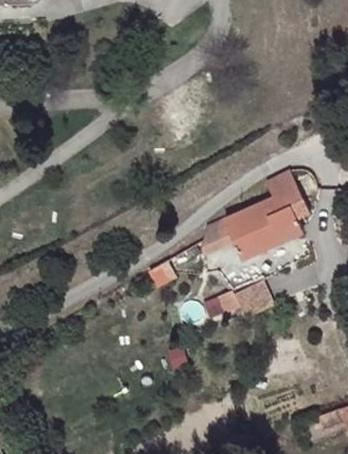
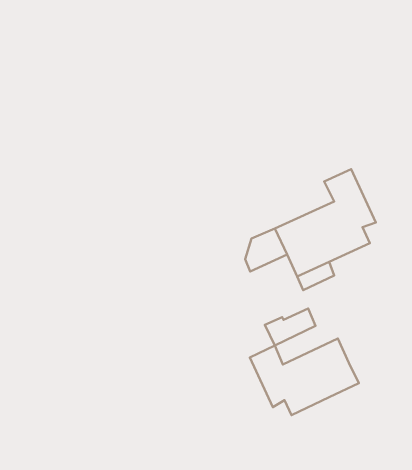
building: none -> [250,339,359,415]

